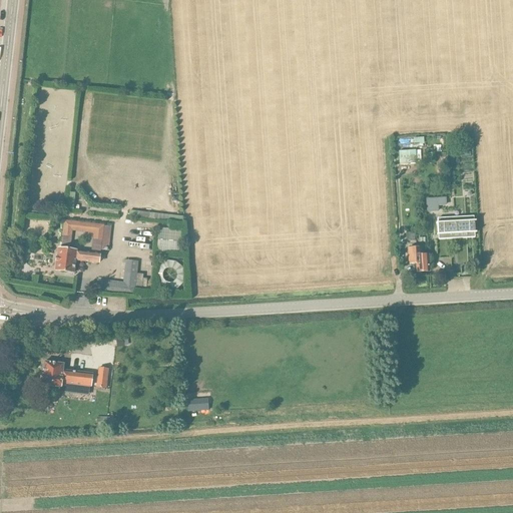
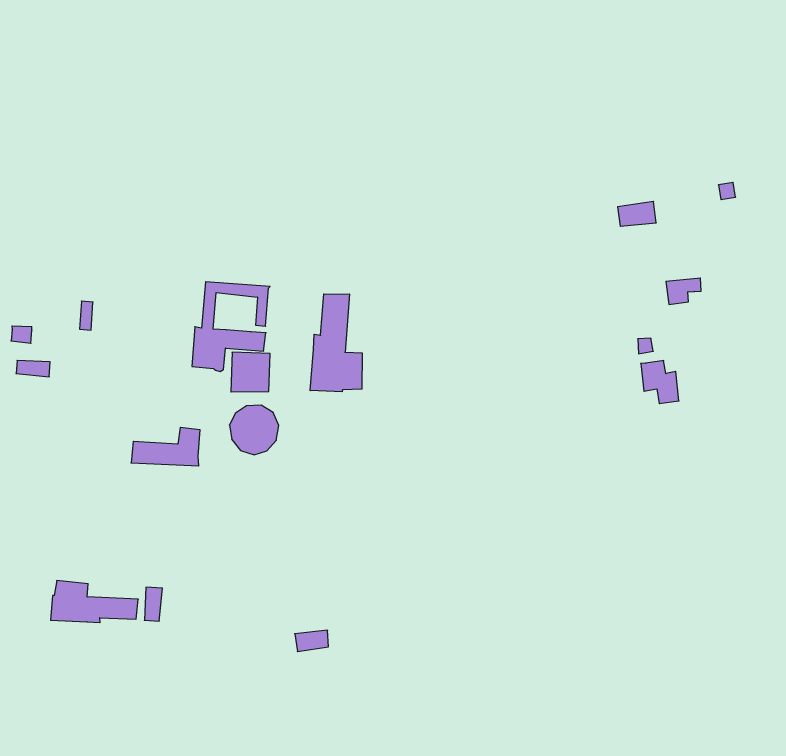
building: none -> [310,294,362,392]
building: [437,214,477,233] -> none
building: [55,218,105,274] -> [192,282,270,371]

